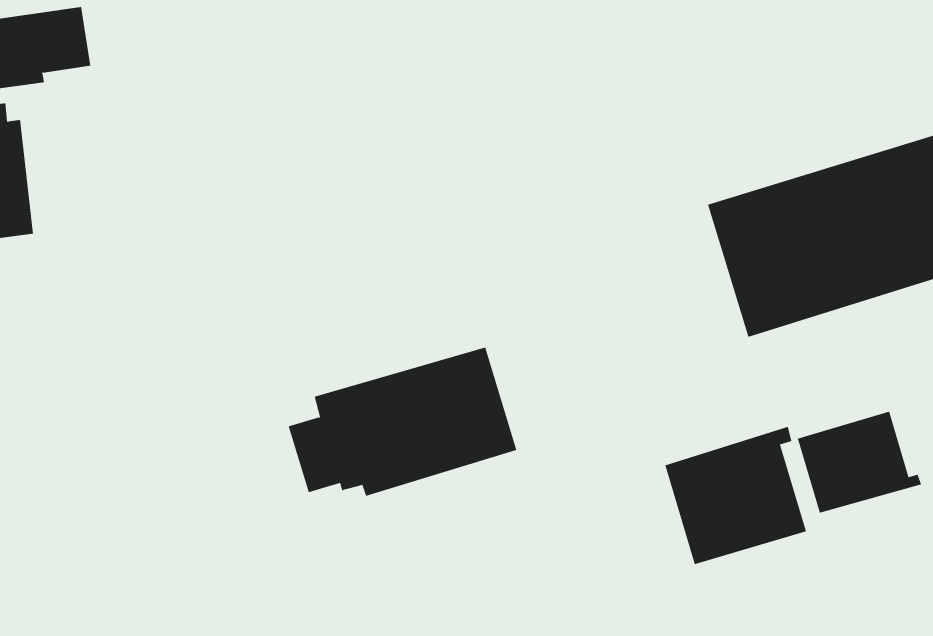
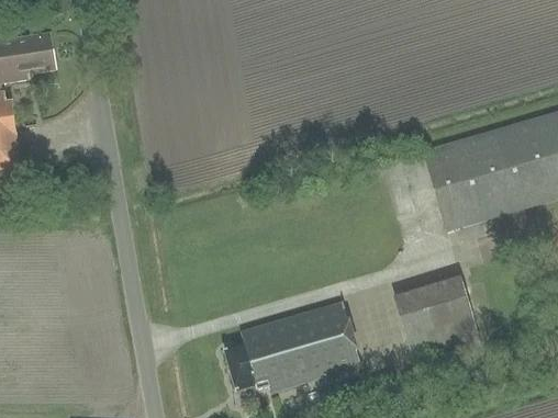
building: [288,347,517,496] -> [223,303,359,392]
building: [797,411,922,513] -> none

